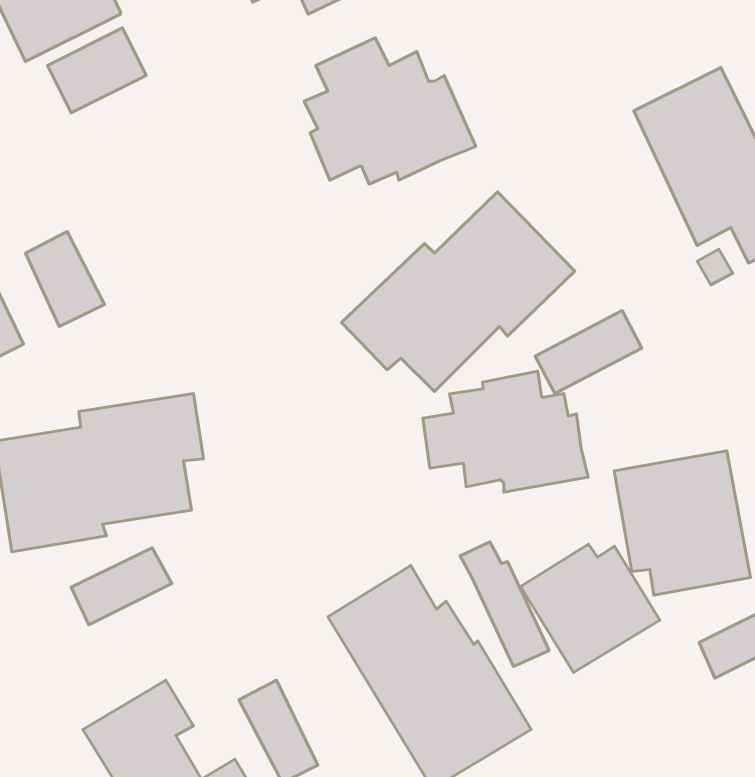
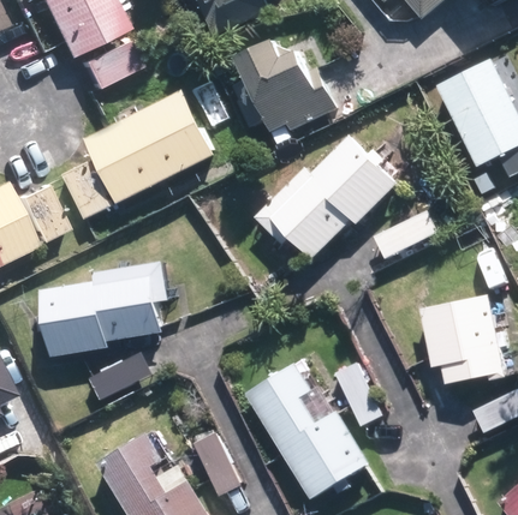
building: none -> [84,90,214,203]
building: [423,371,588,492] -> none
building: [520,544,660,672] -> none

